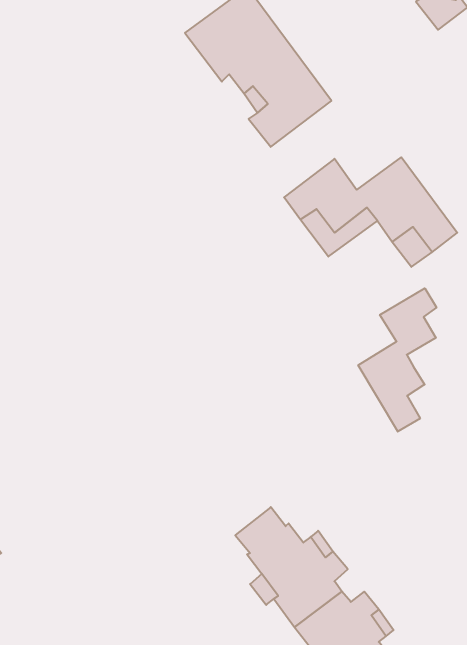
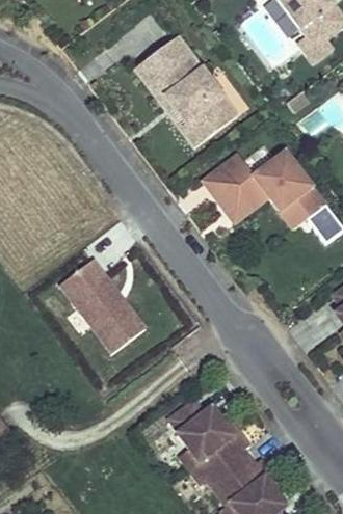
building: [358,288,436,432] -> none
building: none -> [59,255,144,349]

